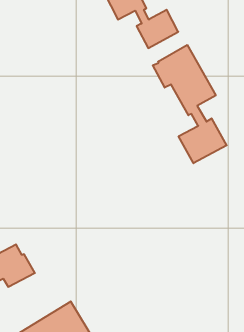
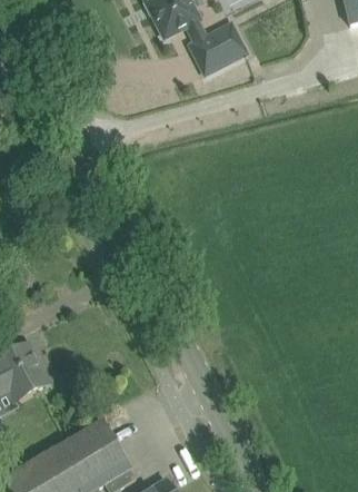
building: [153,45,227,163] -> none

